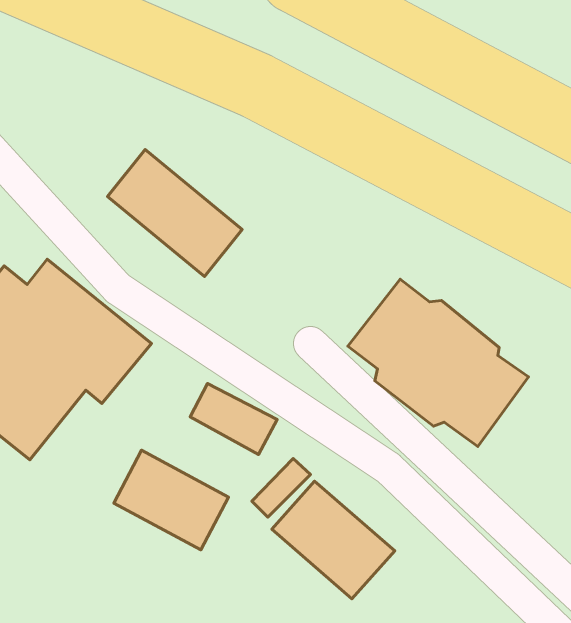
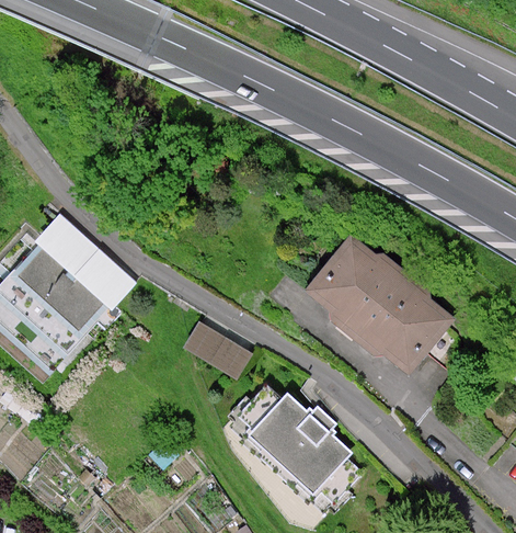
building: [108,150,242,276] -> none
building: [114,450,228,550] -> none

